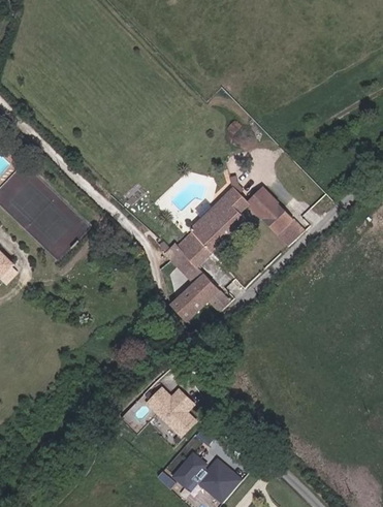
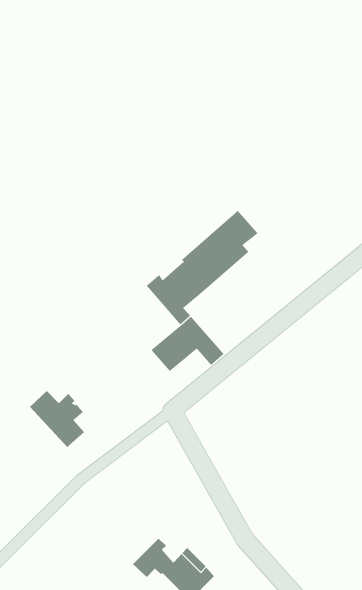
building: [249,188,305,245] -> none
building: [142,389,189,435] -> [29,390,85,448]

